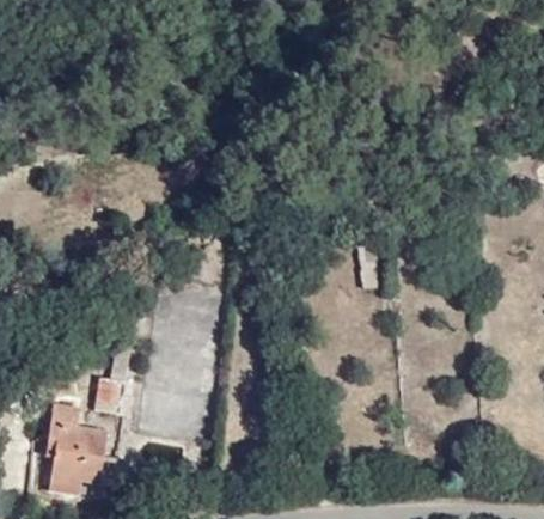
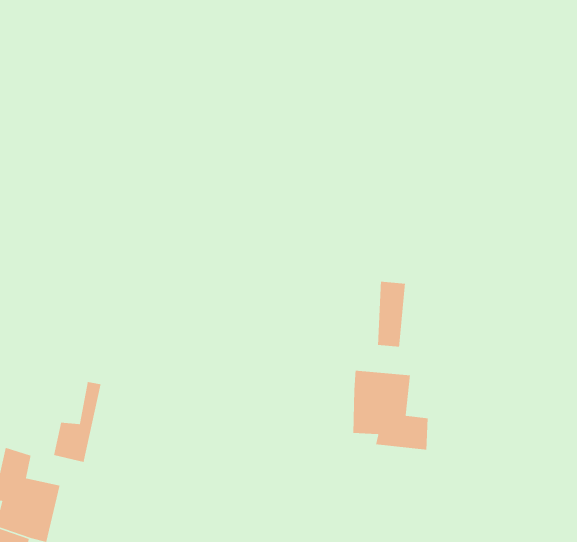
building: none -> [353,370,428,450]

